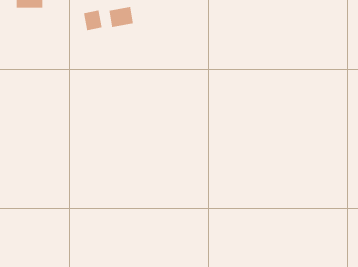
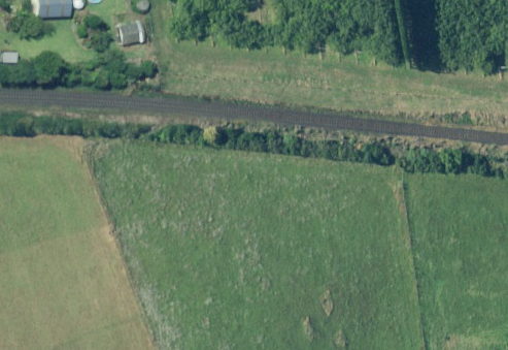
building: [109,6,133,28] -> none

